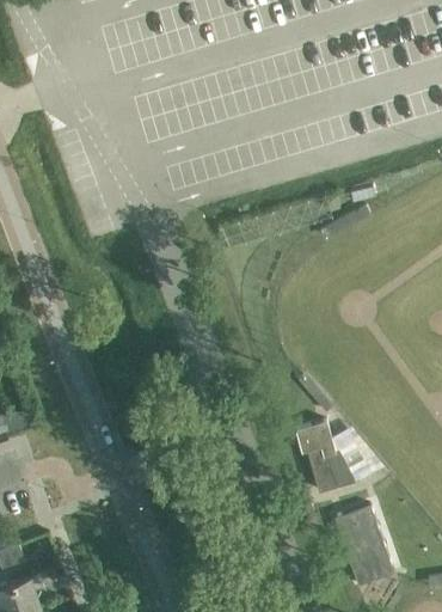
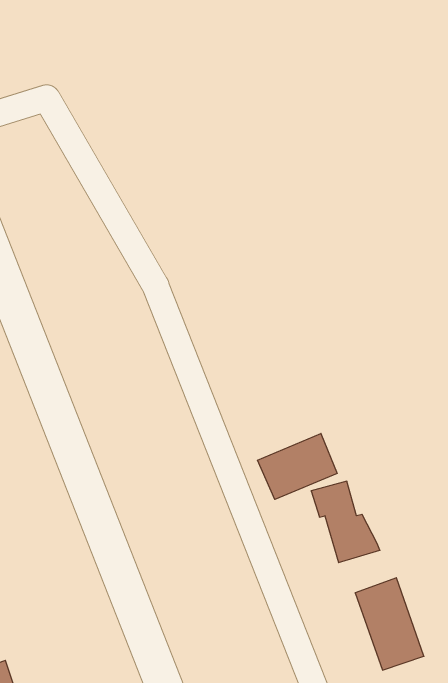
building: none -> [258,433,337,499]

